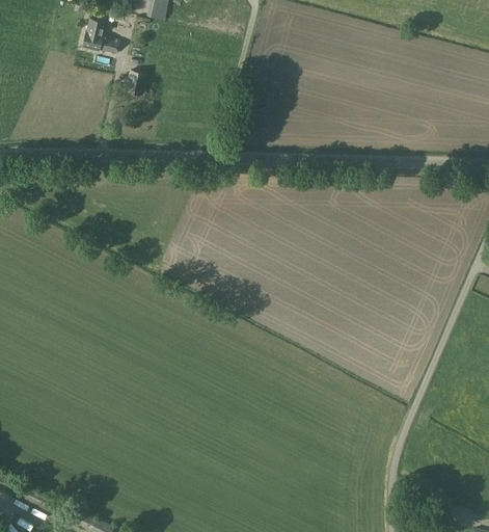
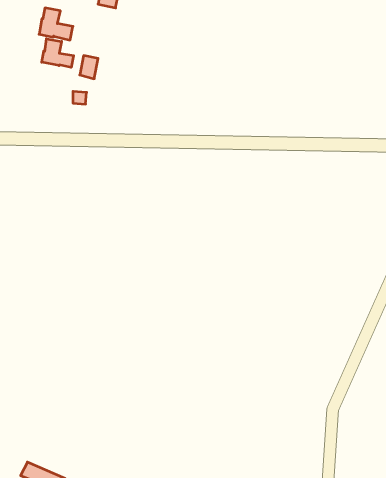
building: none -> [42,39,74,67]

